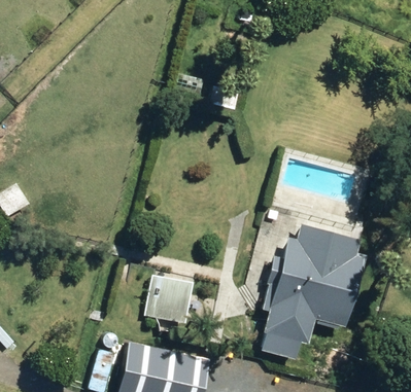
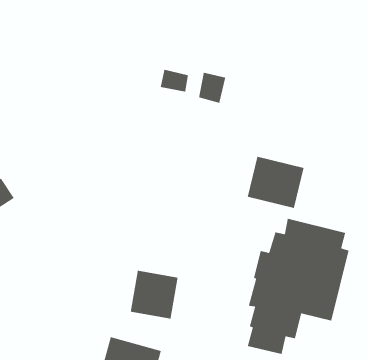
building: none -> [247,156,305,209]

